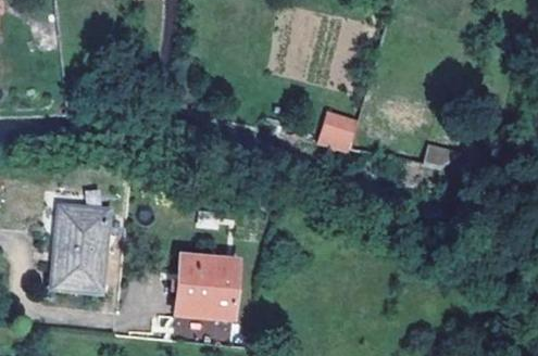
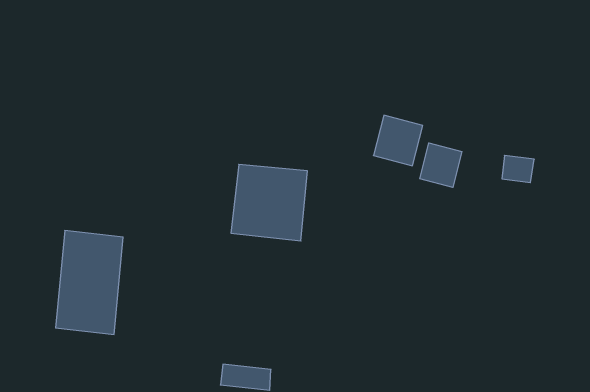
building: none -> [420,143,462,187]
building: [174,255,238,319] -> [231,164,307,241]

